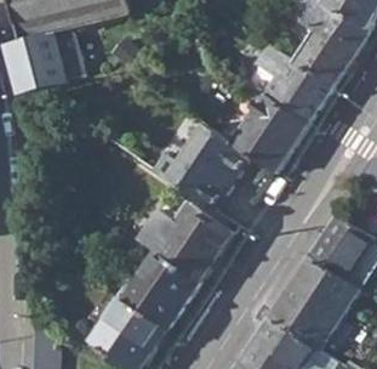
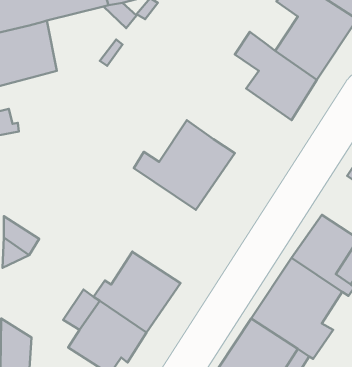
building: [232,95,307,172] -> none
building: [137,206,232,282] -> none

